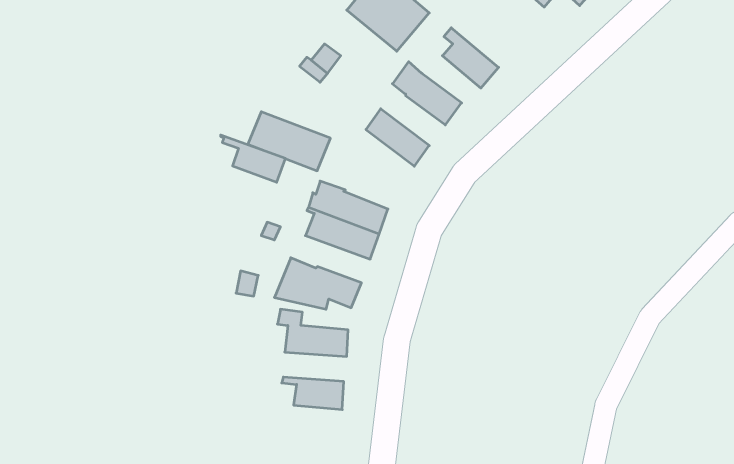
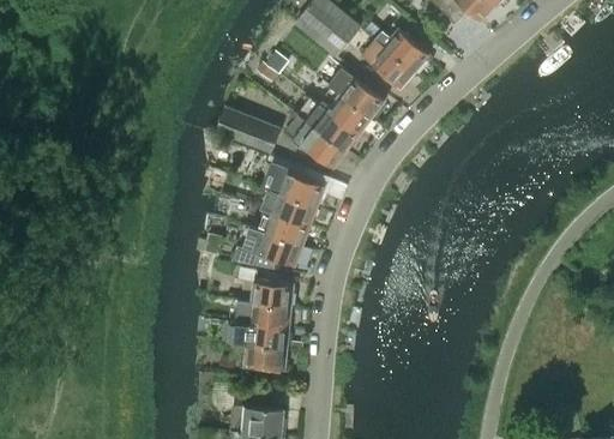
building: none -> [377,28,428,71]
building: none -> [319,94,372,134]
building: none -> [294,121,347,169]
building: [221,135,286,182] -> [258,208,311,246]
building: none -> [240,302,291,326]
building: none -> [247,345,288,369]

